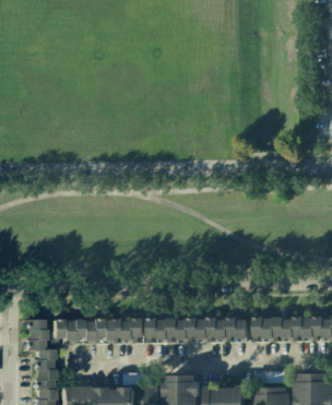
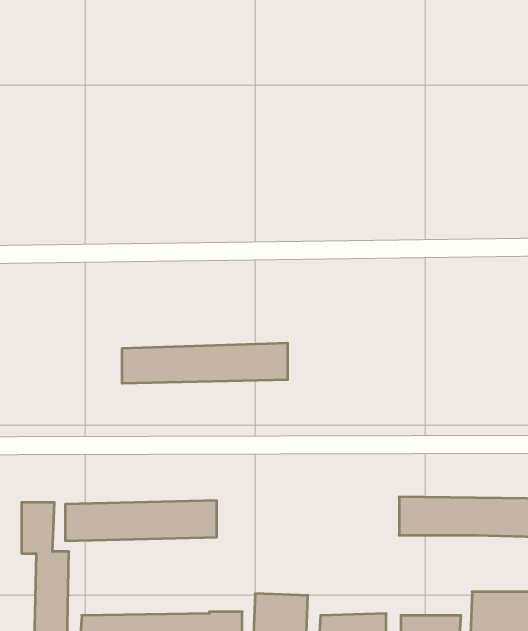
building: [149,317,248,341] -> [122,343,288,383]

